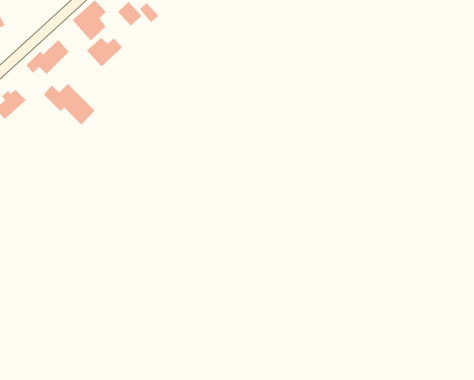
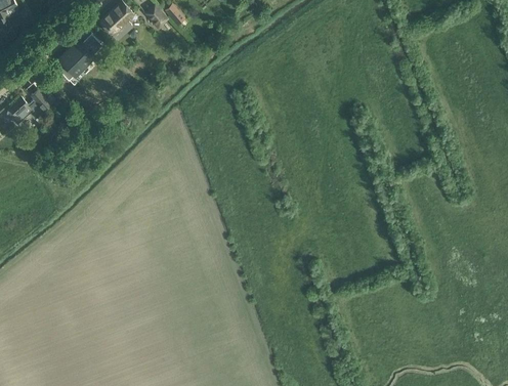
building: [86,37,123,67] -> none
building: [43,83,95,125] -> none

